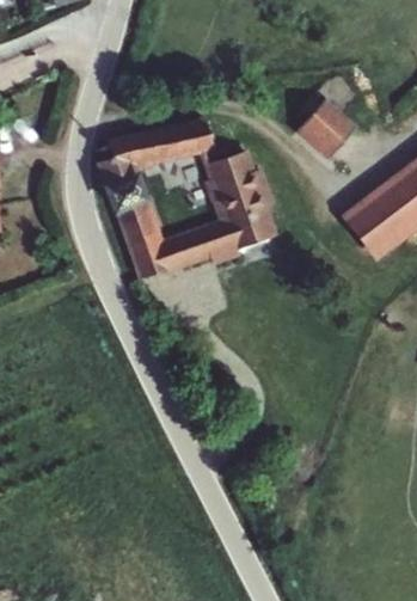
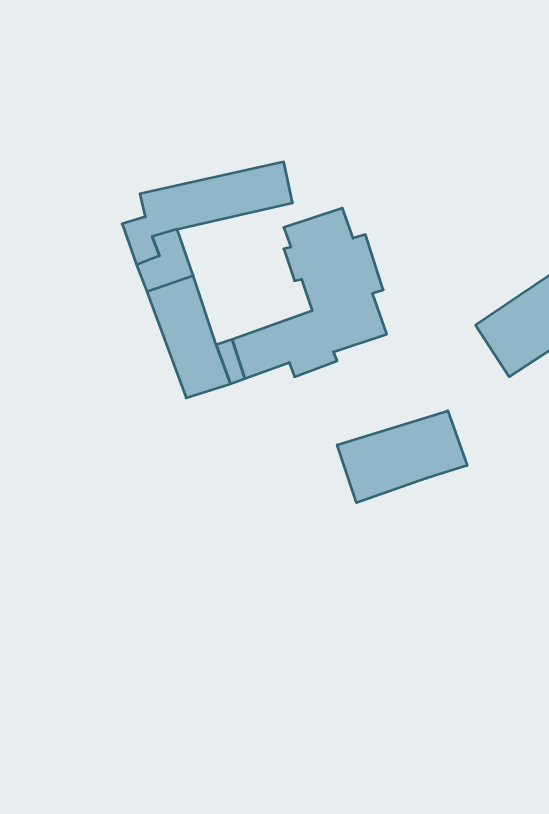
building: [299,96,361,158] -> none
building: none -> [337,411,467,503]

